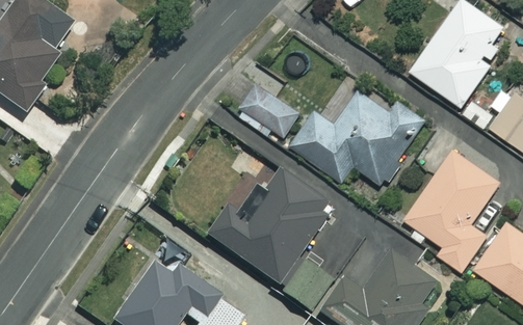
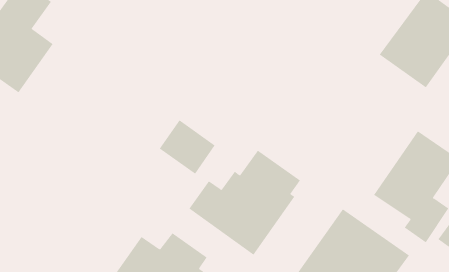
building: [290,72,425,182] -> none
building: [238,83,299,142] -> [159,120,216,174]

